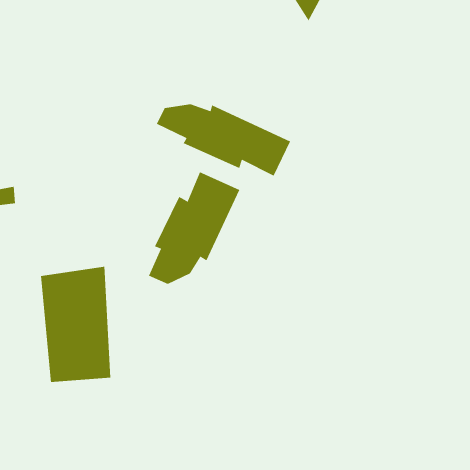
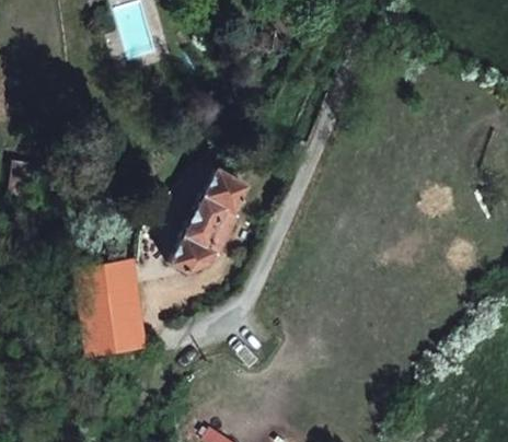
building: [156,104,291,176] -> none

